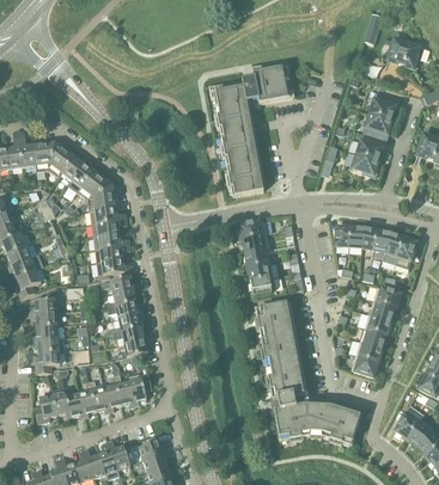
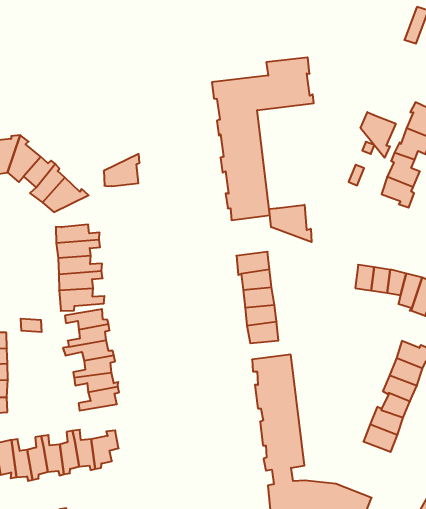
building: none -> [361,112,396,158]
building: none -> [269,205,312,242]
building: [87,183,116,210] -> [104,154,140,186]

